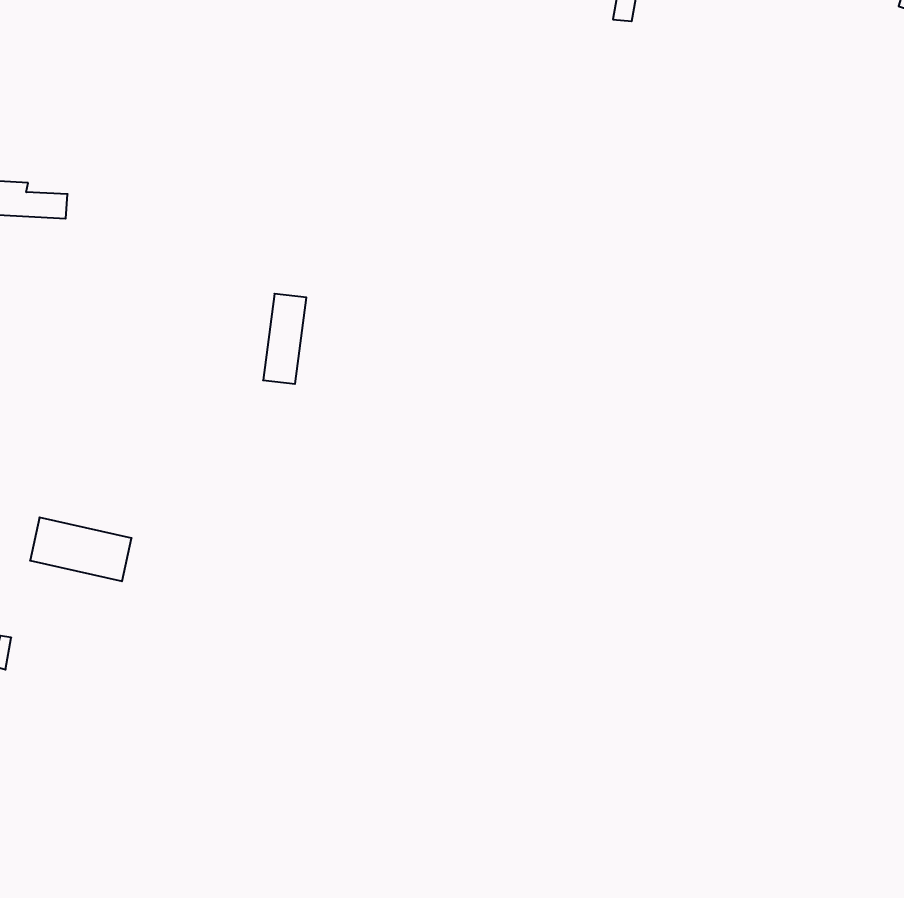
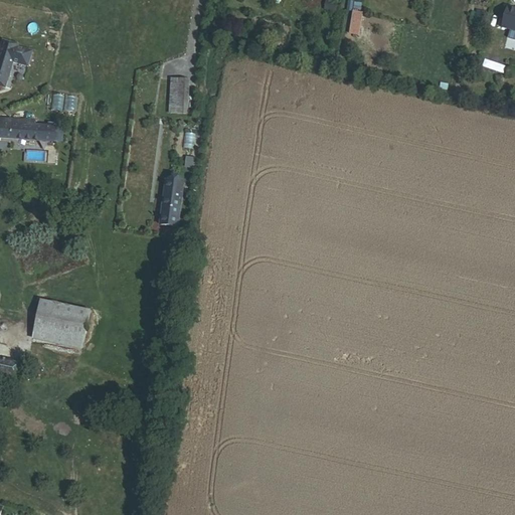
building: none -> [169,77,184,113]
building: none -> [31,322,84,349]

